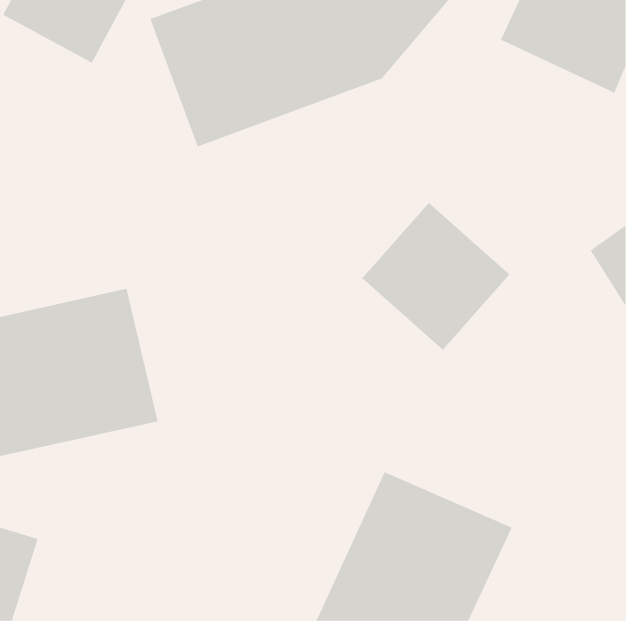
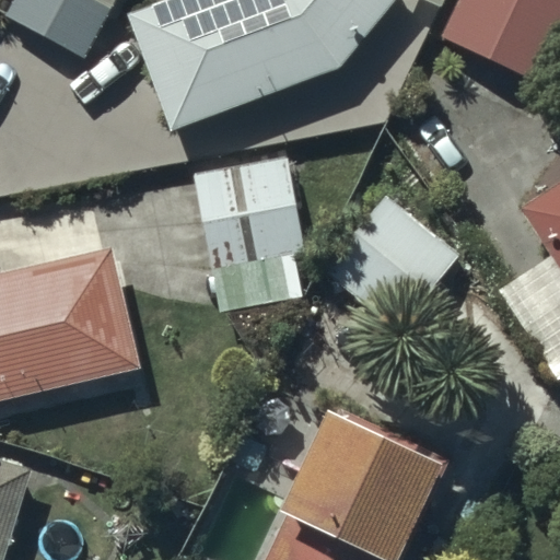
building: none -> [185,141,296,298]

